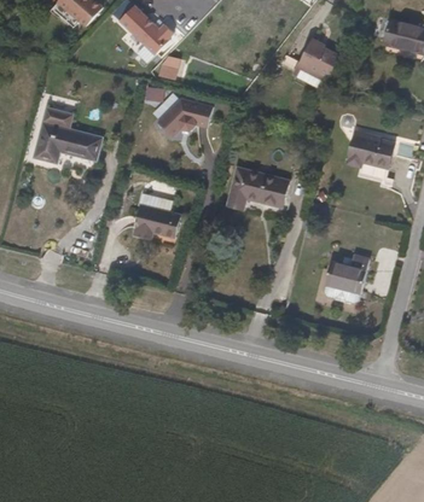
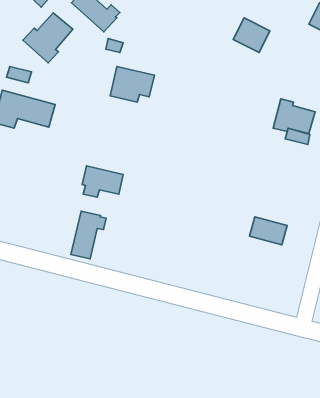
building: none -> [23,13,73,63]
building: [225,165,289,209] -> none
building: none -> [71,211,106,259]

